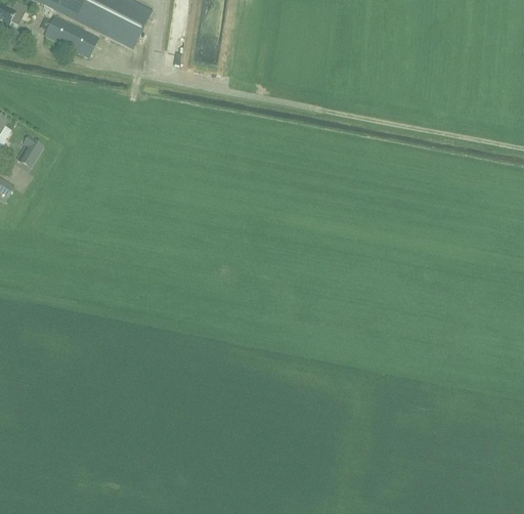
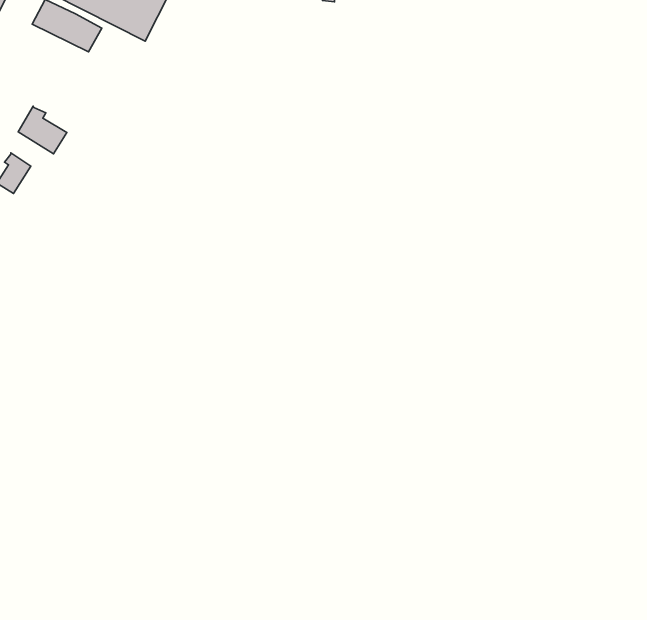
building: none -> [18,106,67,154]

